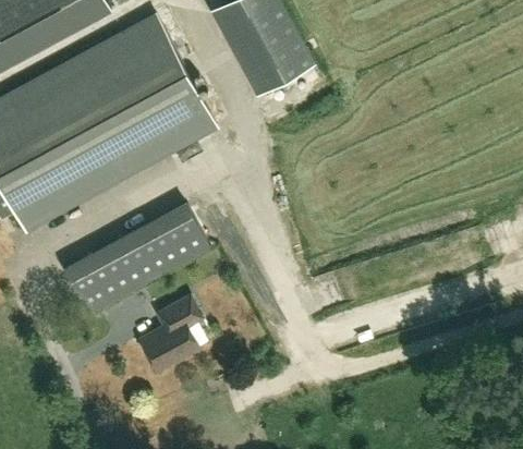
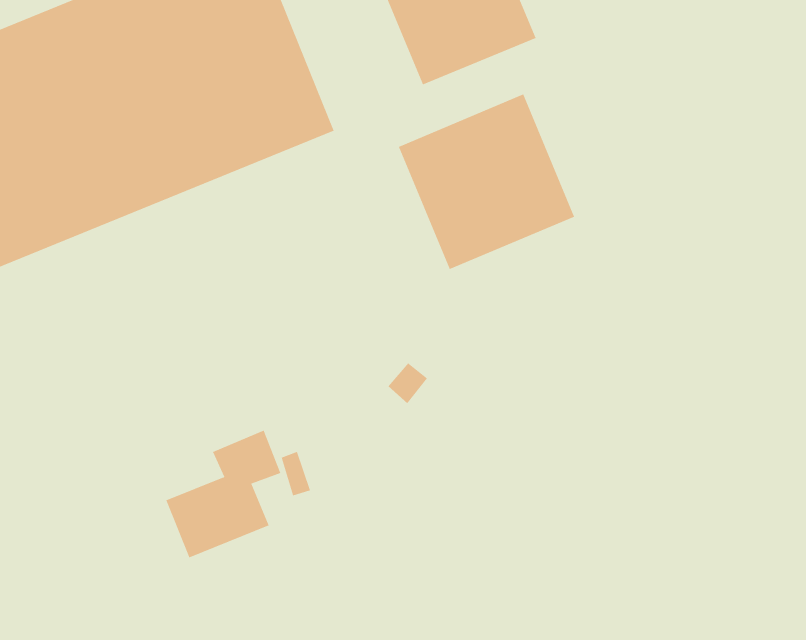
building: none -> [398,94,575,270]
building: [66,206,211,316] -> none

